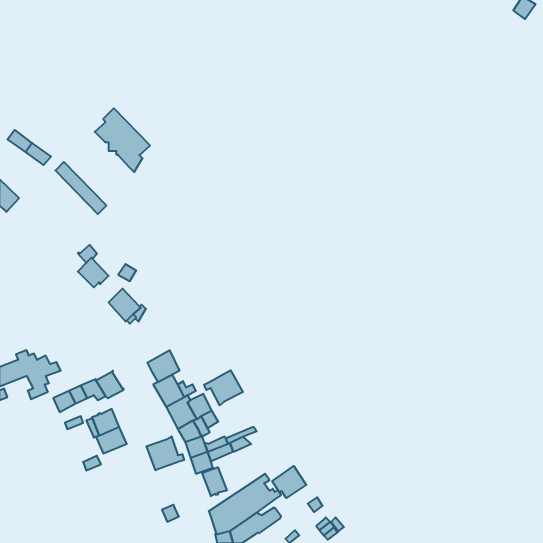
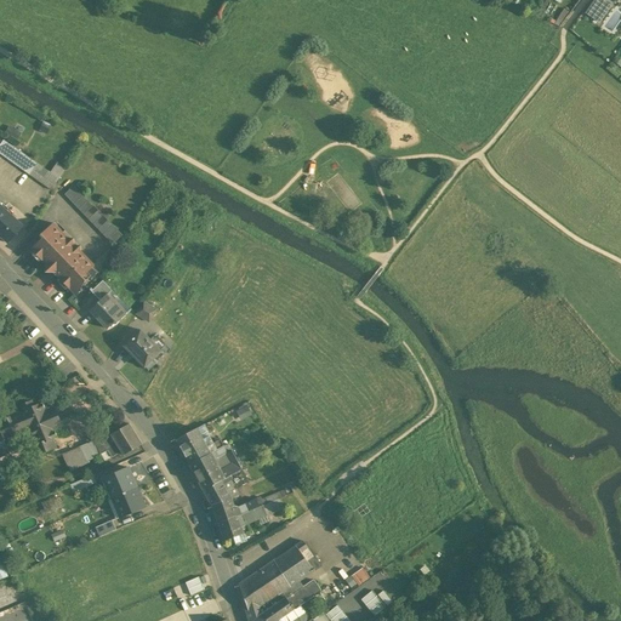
building: [95,108,150,172] -> [30,222,93,295]
building: [148,350,179,382] -> none
building: [204,370,243,405] -> none
building: [146,436,184,470] -> none
building: [272,466,306,498] -> none
building: [202,467,227,496] -> none

